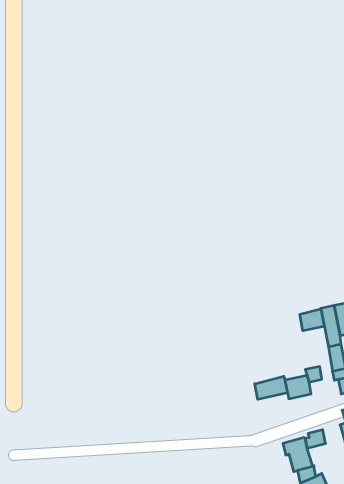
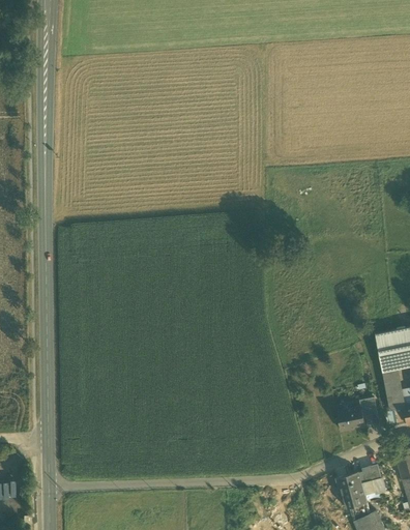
building: [300,309,324,331] -> none
building: [255,376,287,399] -> none

